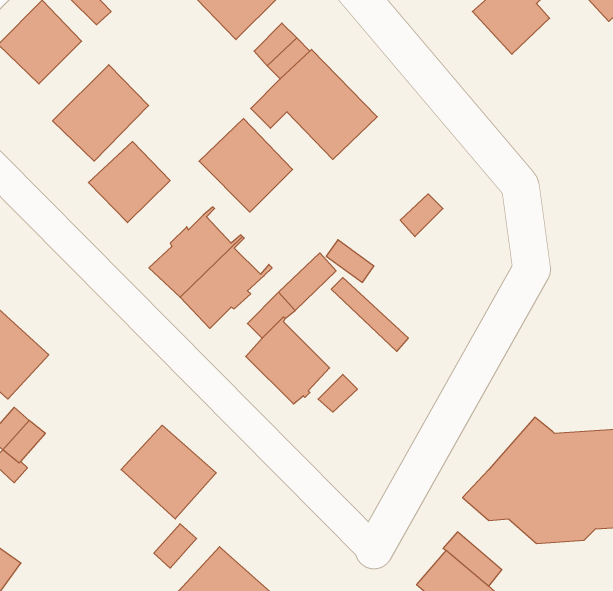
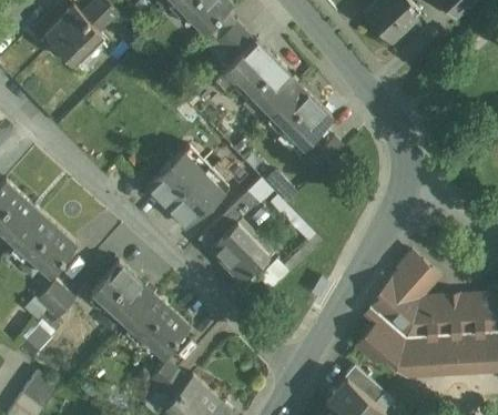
building: [53,65,149,161] -> none
building: [199,119,293,212] -> [270,87,333,150]
building: [88,142,170,223] -> none
building: none -> [368,253,438,325]
building: none -> [91,263,154,325]

